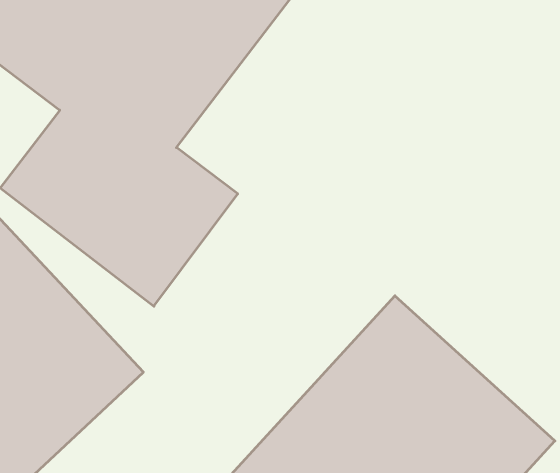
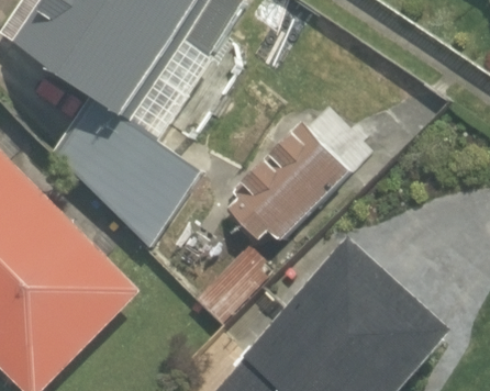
building: none -> [238,100,379,243]

